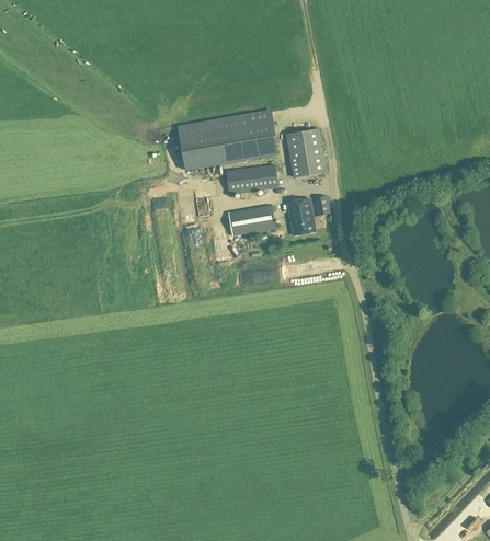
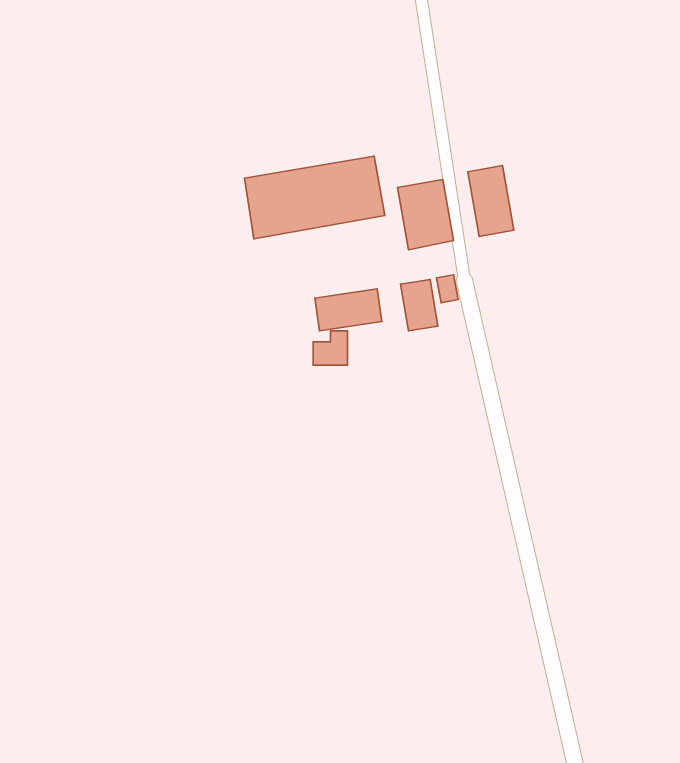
building: none -> [468,166,514,236]
building: [225,163,276,192] -> none

